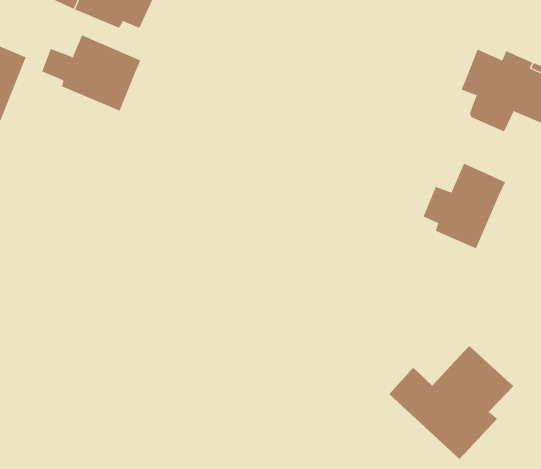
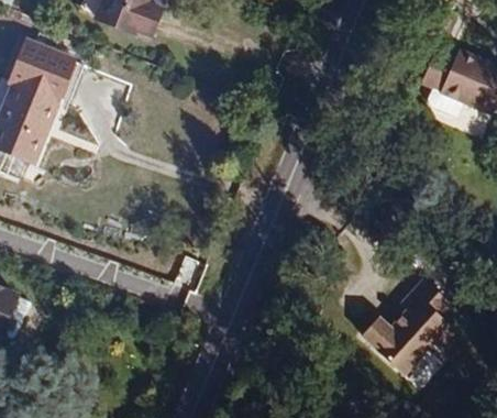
building: [42,35,141,112] -> none
building: [423,163,506,249] -> none

